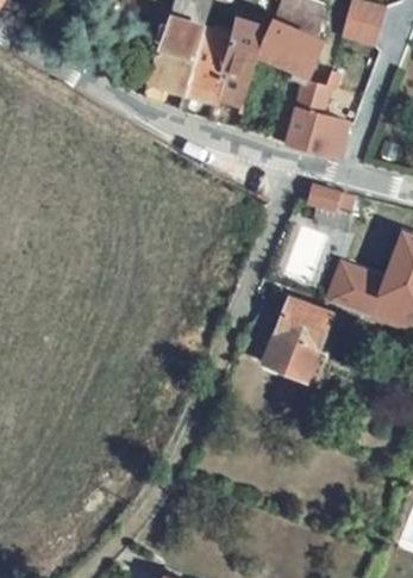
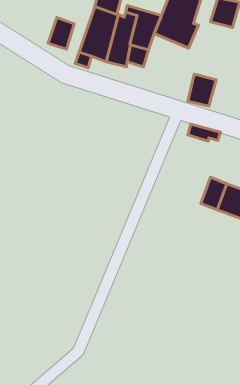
building: none -> [48,18,74,49]
building: [286,76,330,151] -> none
building: [264,293,333,380] -> none

